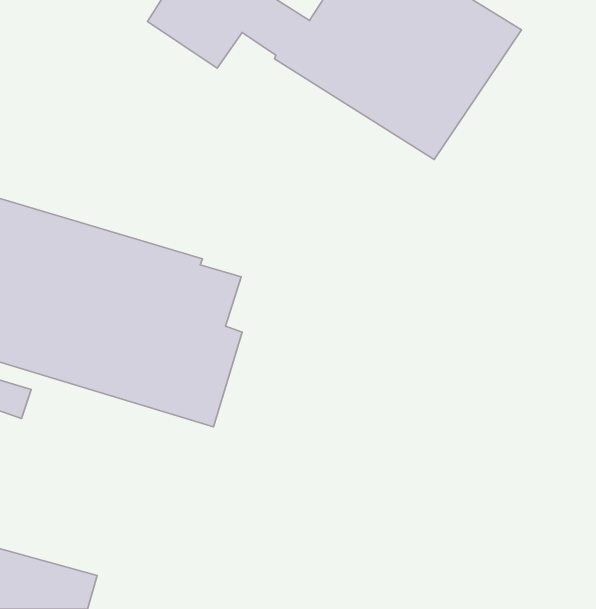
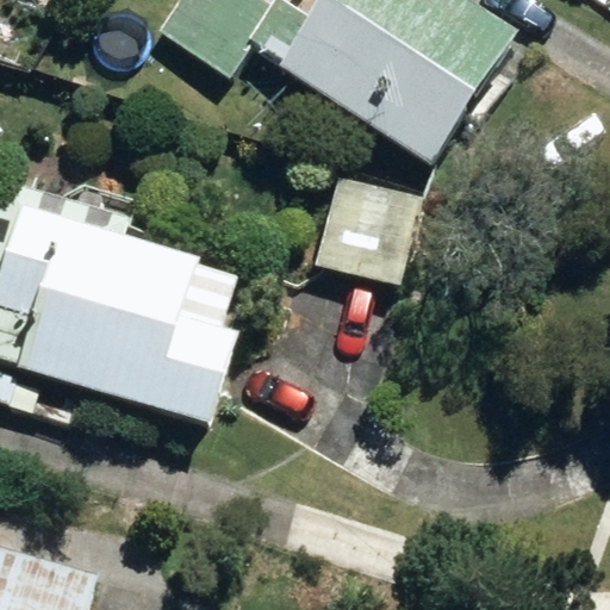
building: none -> [306,176,416,287]

